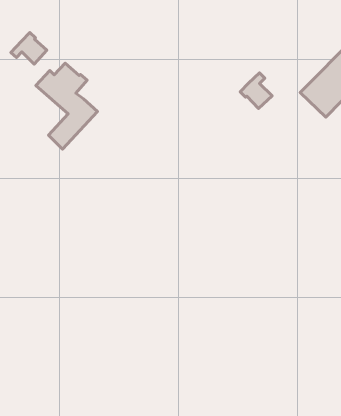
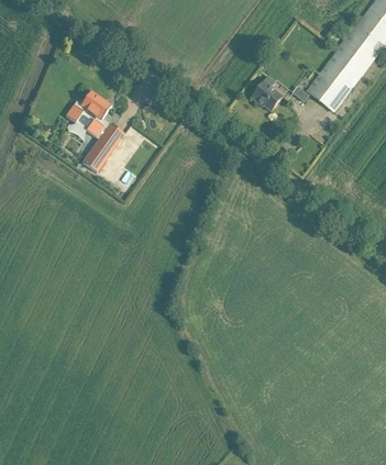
building: [11,33,47,64] -> none

